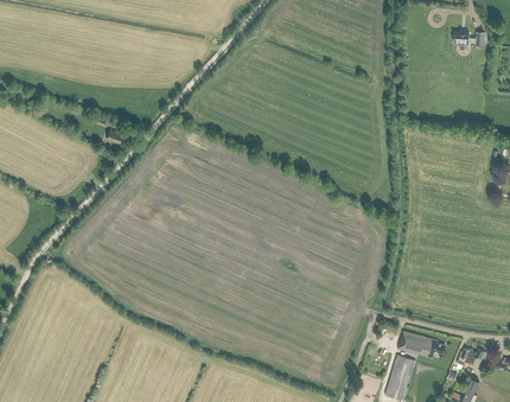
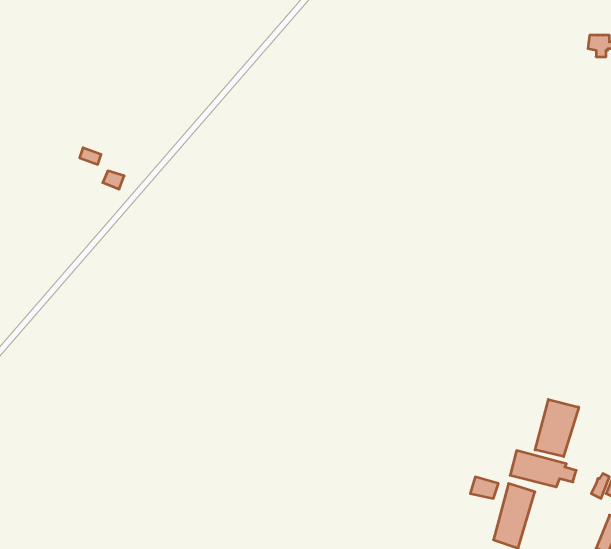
building: none -> [535,399,579,457]

